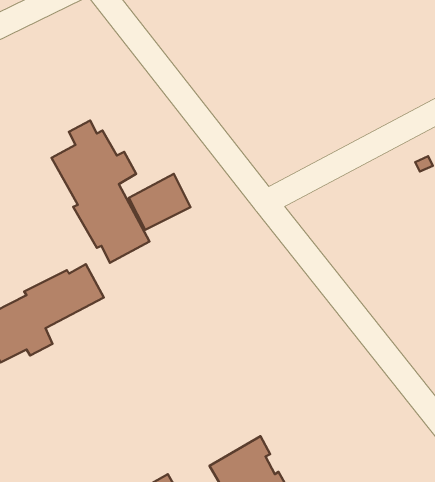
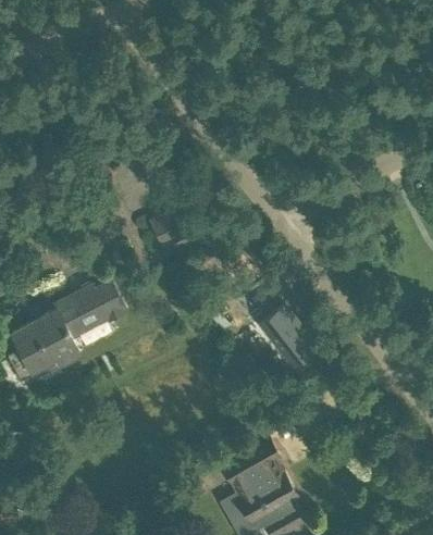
building: [51,120,150,263] -> none
building: none -> [259,306,319,369]

